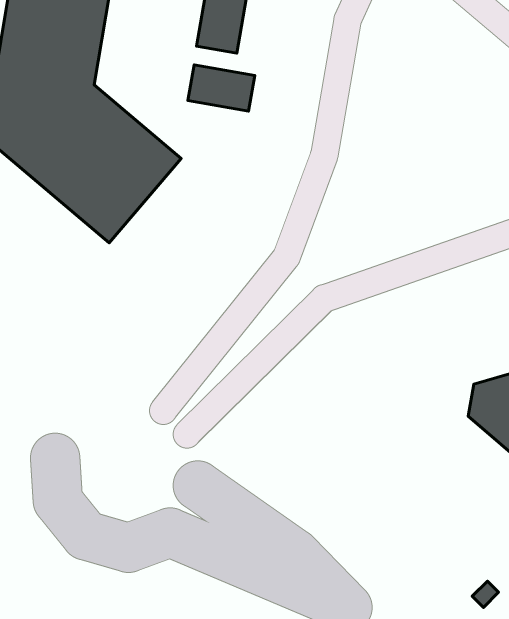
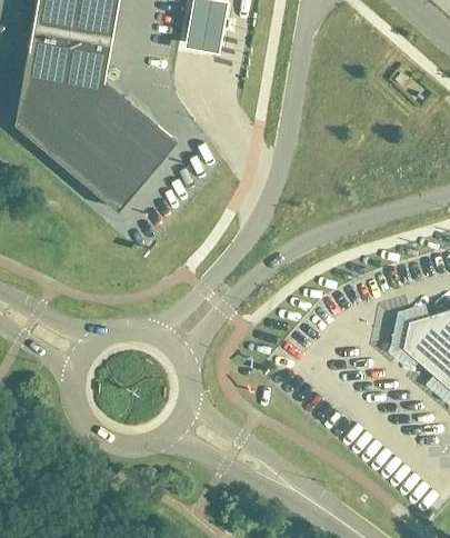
building: [188,65,255,111] -> none

